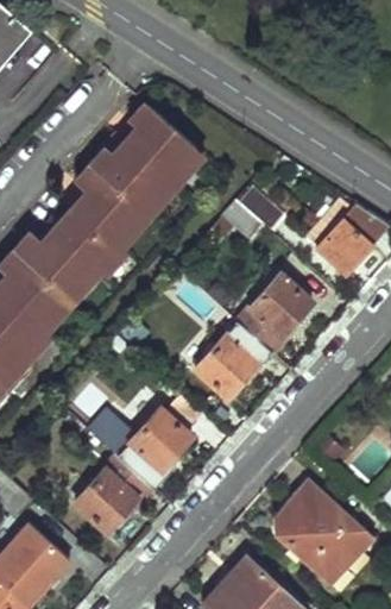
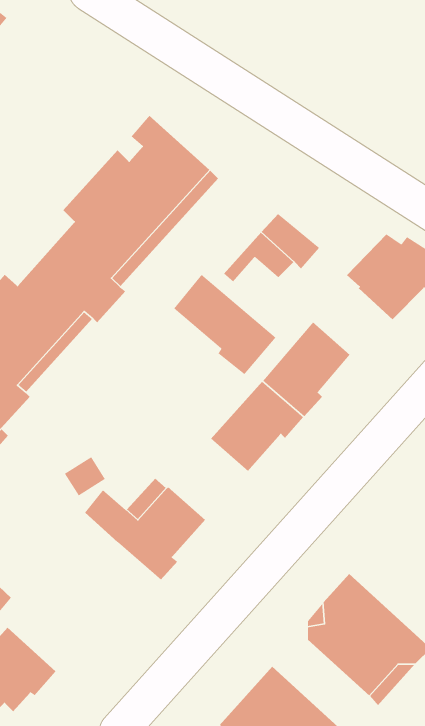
building: none -> [173,274,276,375]
building: [76,457,156,533] -> none

